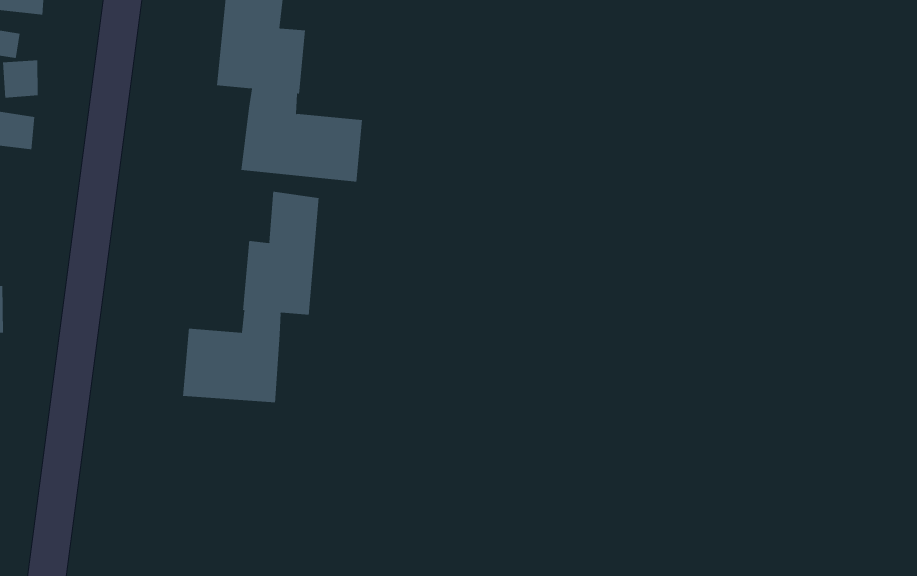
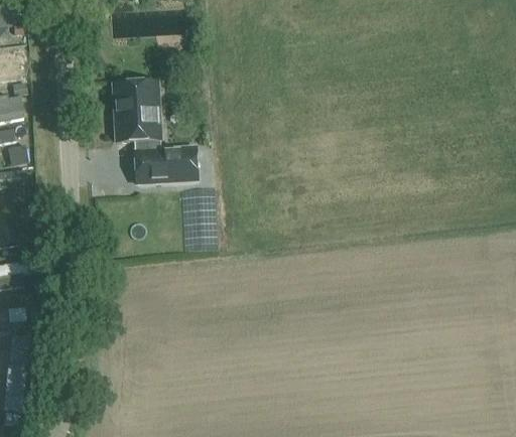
building: [182,191,319,403] -> none

